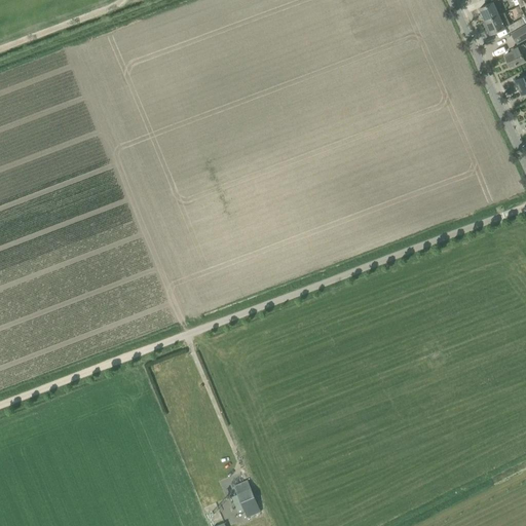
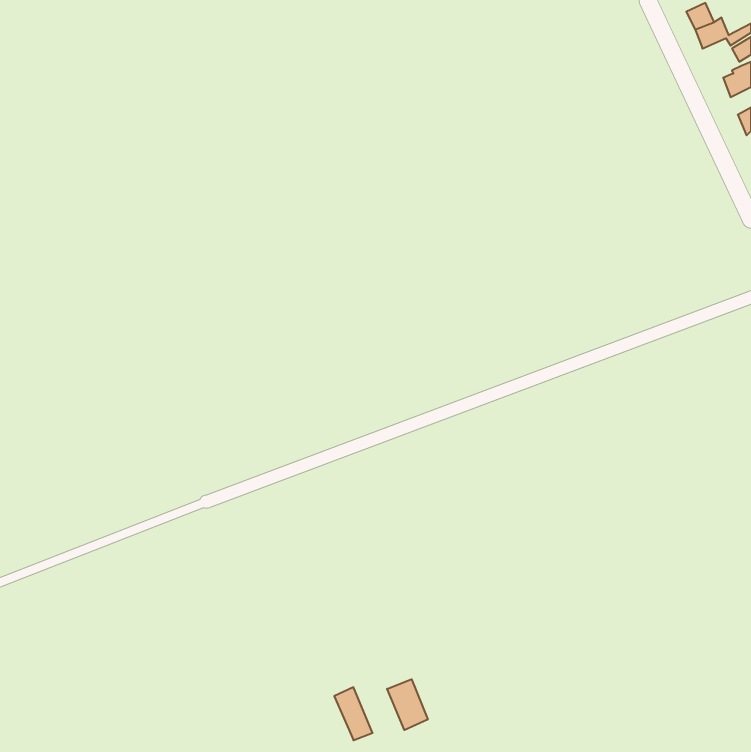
building: none -> [387,679,428,730]

